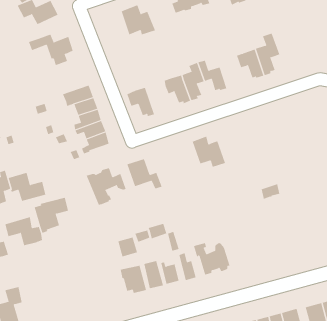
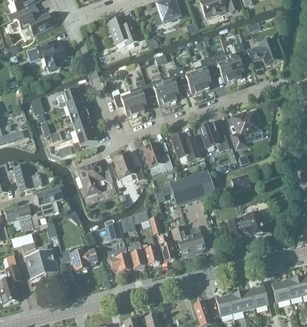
building: none -> [247,38,280,63]
building: none -> [194,56,214,90]
building: none -> [130,79,150,113]
building: none -> [231,110,260,148]
building: none -> [199,122,229,151]
building: none -> [143,142,173,170]
building: none -> [169,169,215,205]
building: none -> [228,211,263,237]
building: none -> [22,241,58,277]
building: none -> [69,244,97,270]

